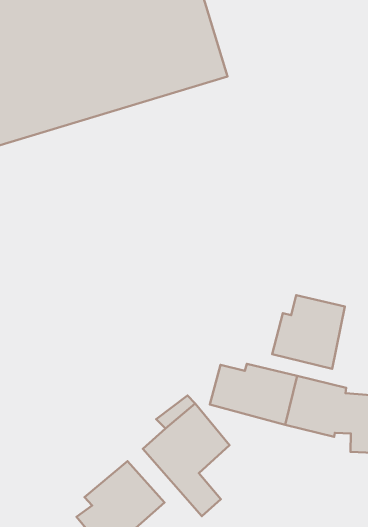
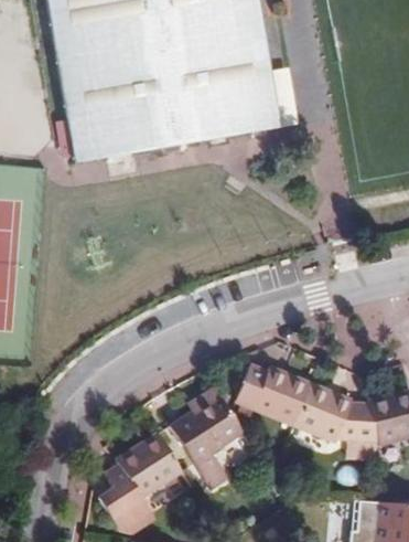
building: [272,295,345,369] -> none

